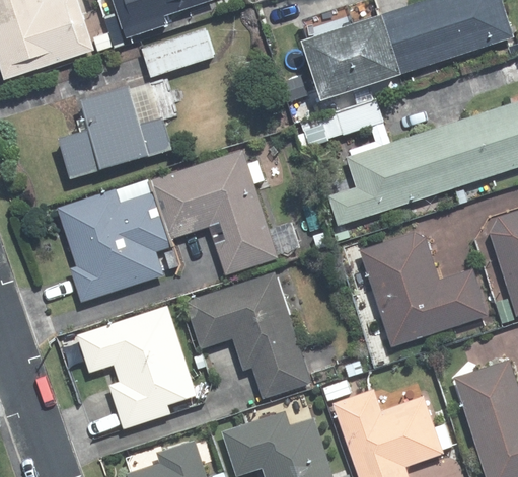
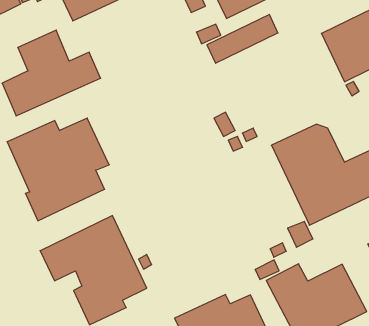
building: [327,129,452,225] -> none
building: [149,149,278,274] -> none
building: [186,273,310,398] -> none

